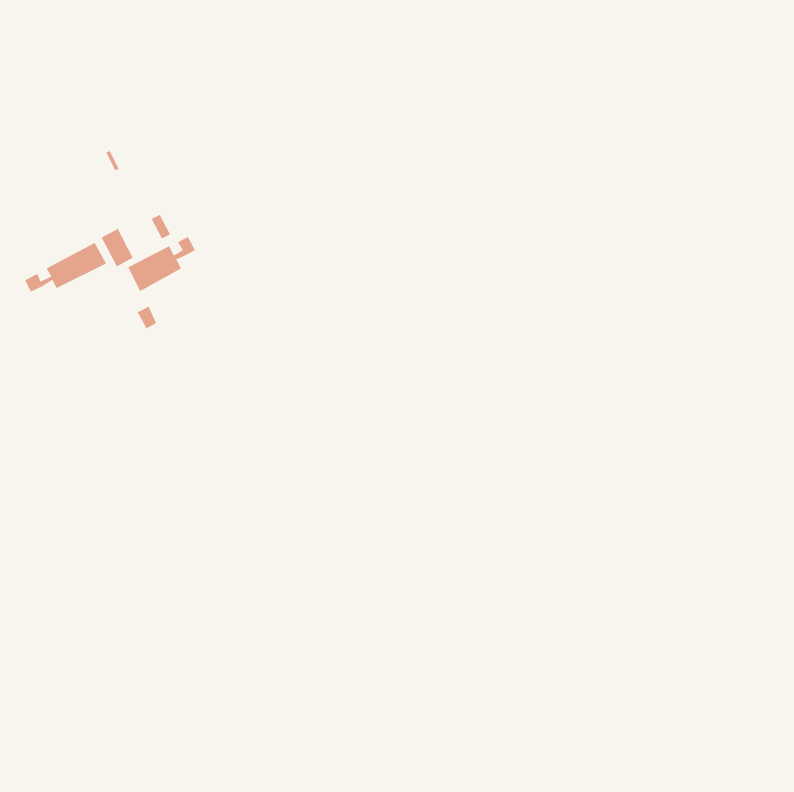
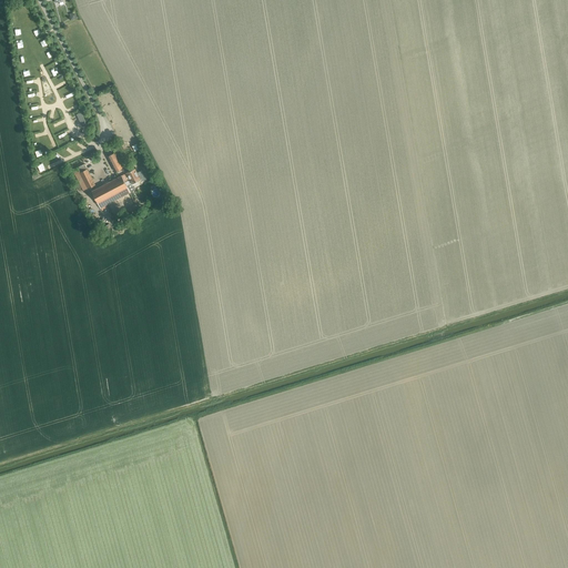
building: [24,242,107,293] -> none

